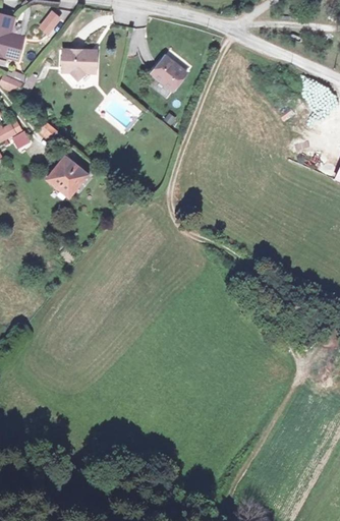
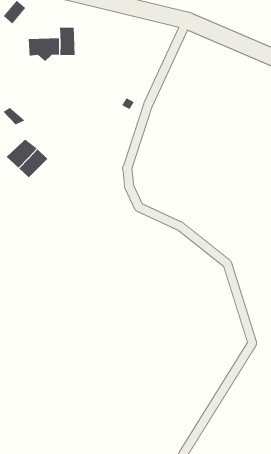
building: none -> [60,27,75,56]
building: [156,49,192,85] -> none

